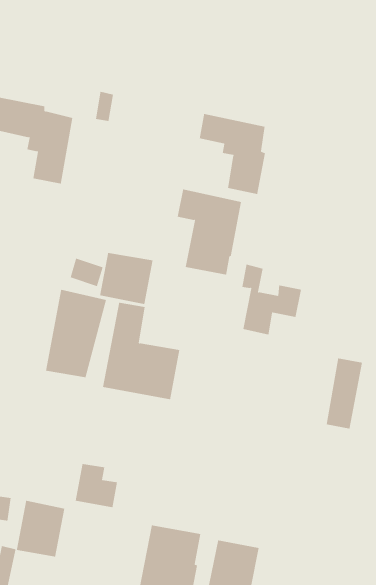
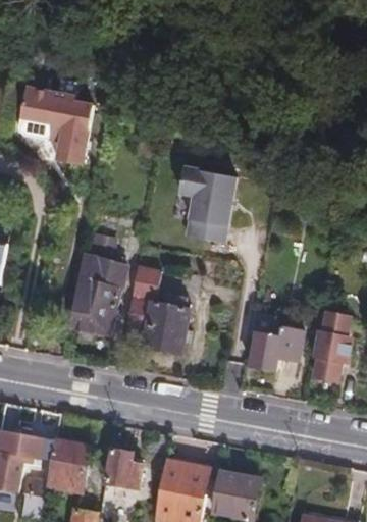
building: [199,113,266,195] -> none
building: [100,252,153,305] -> none
building: [241,264,302,335] -> [246,312,299,374]
building: [75,464,118,508] -> [104,450,142,488]

